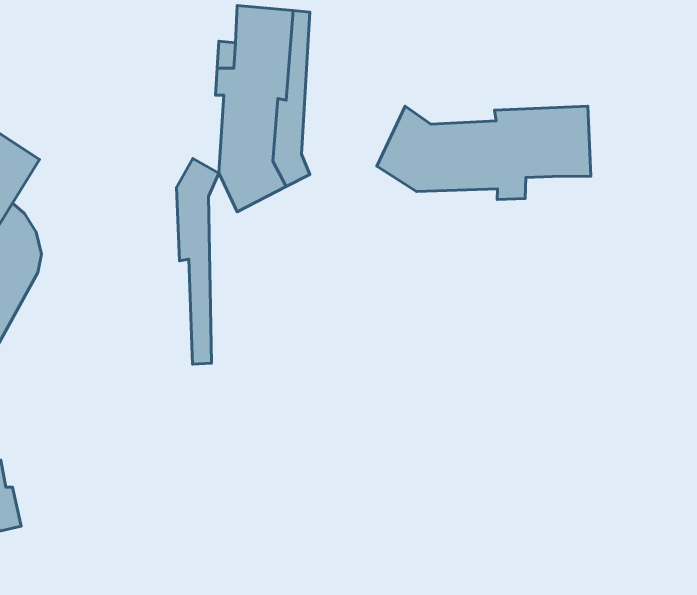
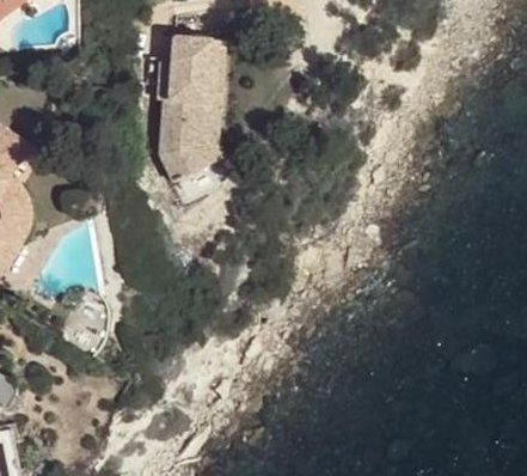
building: [377,106,591,199] -> none
building: [177,158,219,364] -> none

